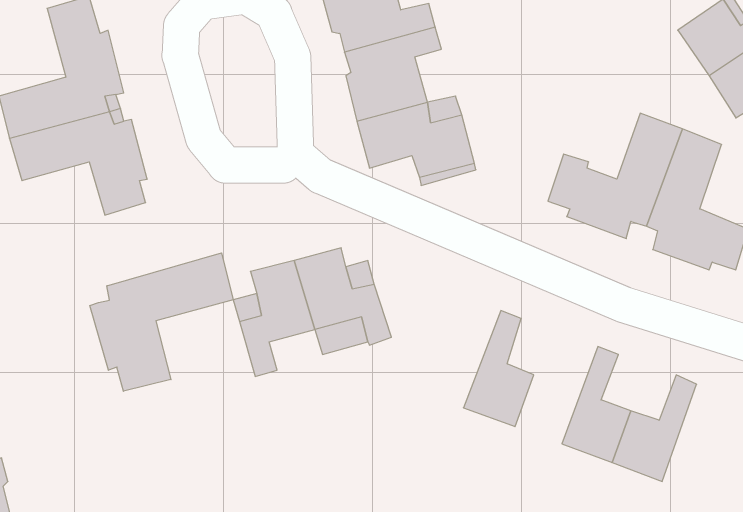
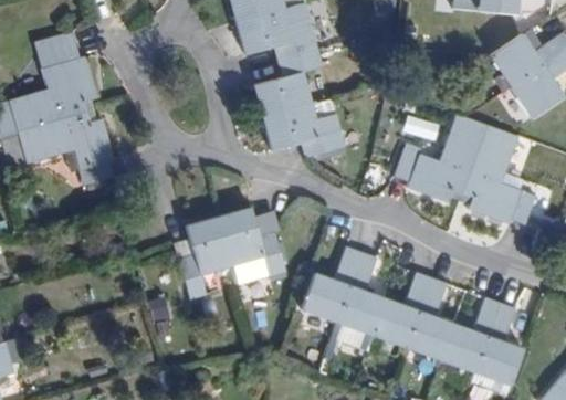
building: [90,253,233,391] -> none
building: none -> [300,245,363,320]
building: none -> [373,272,431,346]
building: none -> [476,304,525,386]

